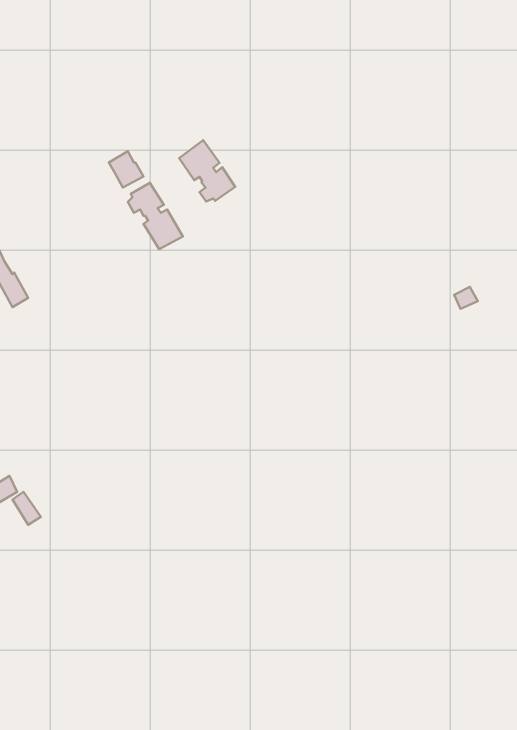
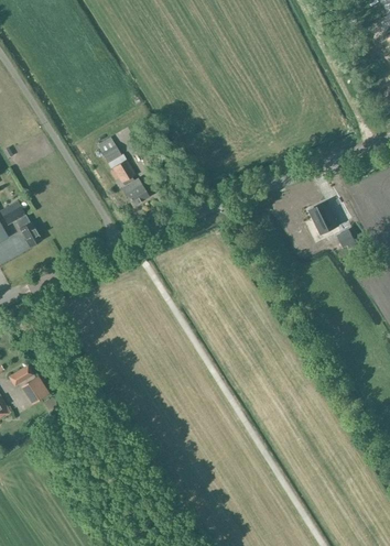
building: [179,140,235,201] -> none
building: none -> [310,203,337,234]

